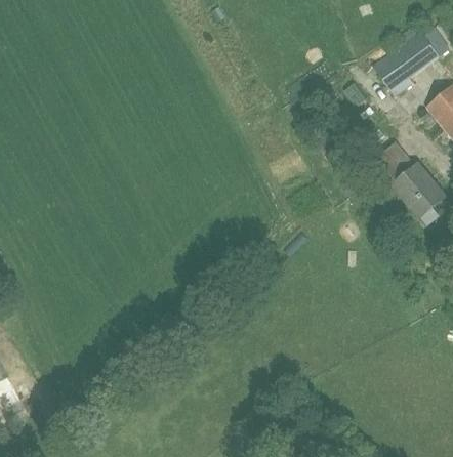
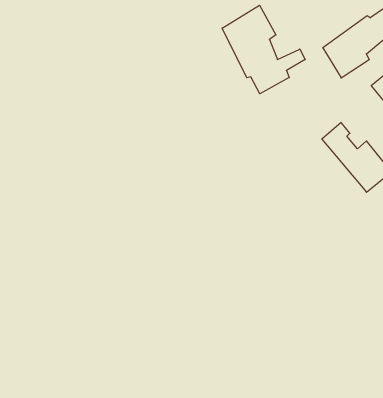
building: none -> [222,5,305,94]

